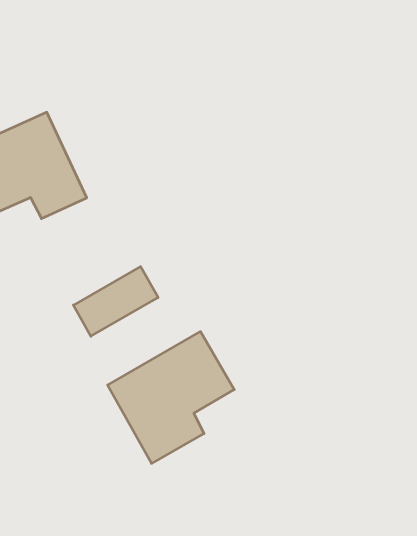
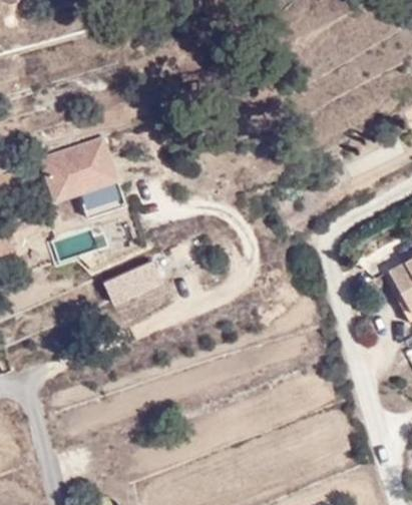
building: [108,332,234,463] -> none

